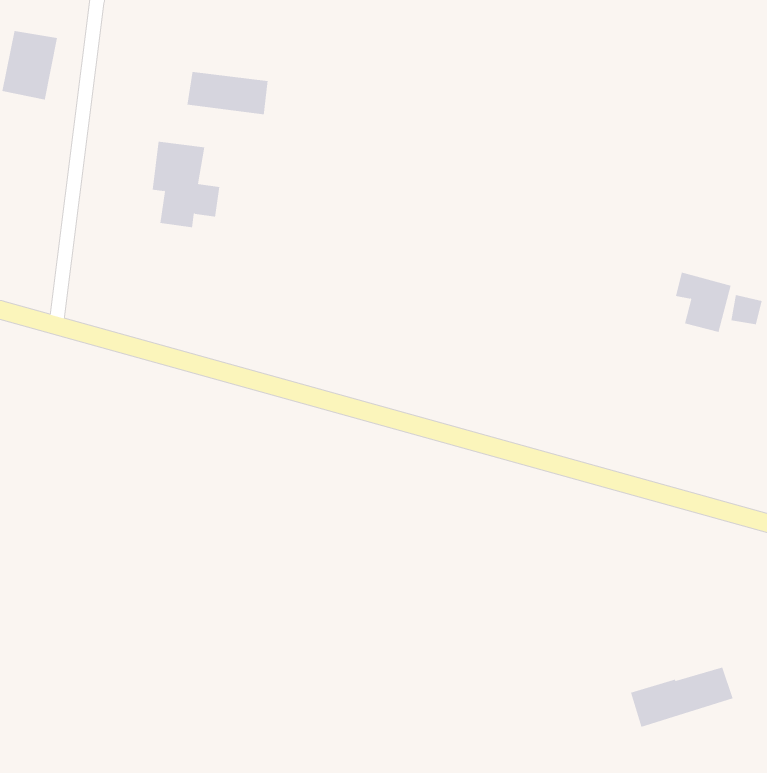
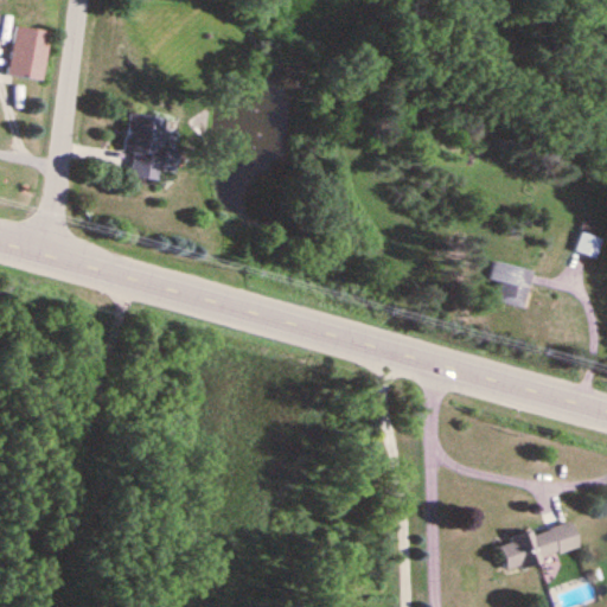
building: [187,71,268,115] -> none
building: [675,272,731,333] -> [487,261,531,308]

